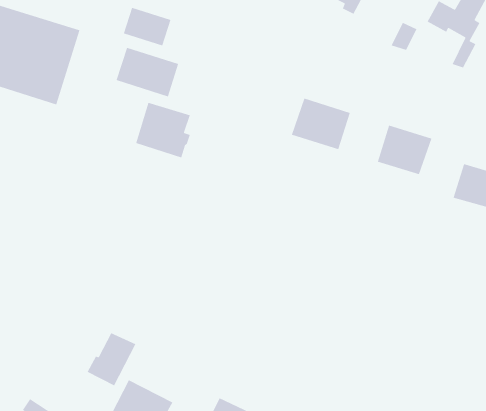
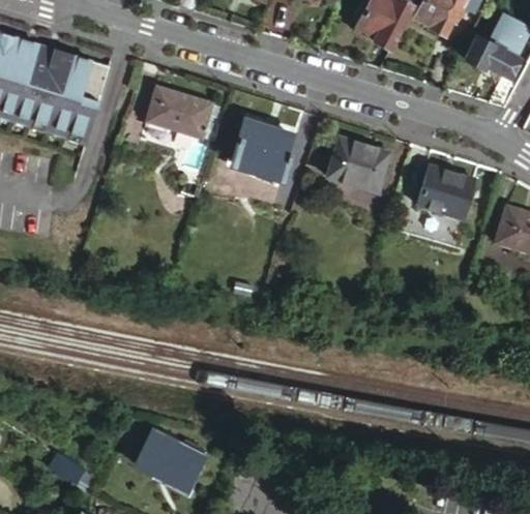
building: [123,7,171,47] -> none
building: [135,102,191,159] -> [230,119,288,178]
building: [87,332,136,387] -> none

